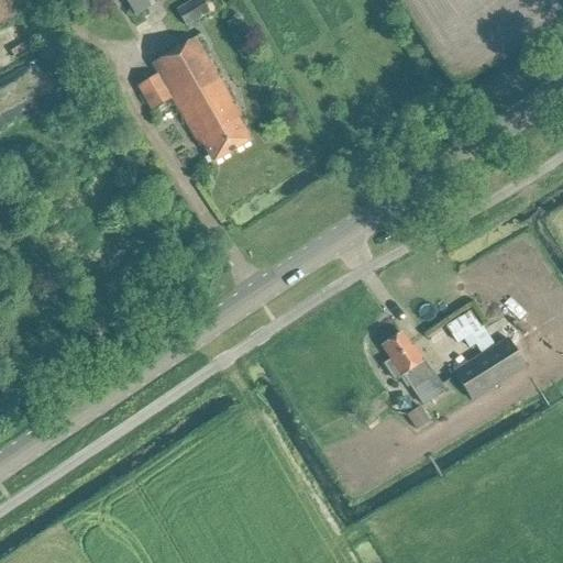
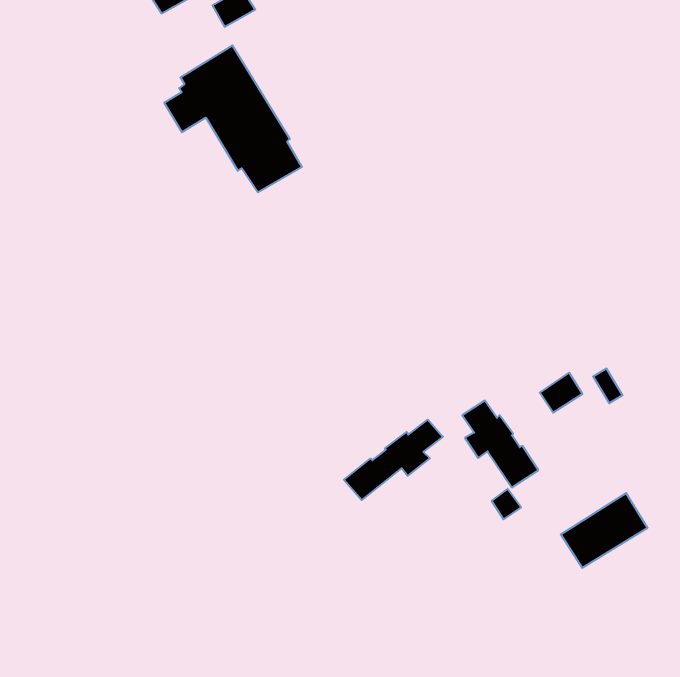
building: [454,335,526,397] -> [561,493,648,568]
building: none -> [344,420,443,500]

